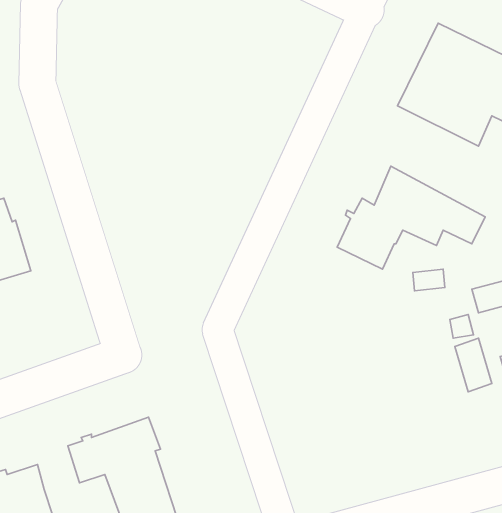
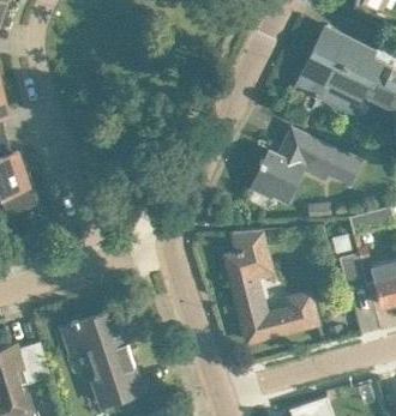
building: none -> [226,231,318,343]

